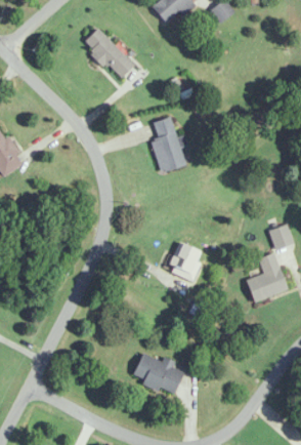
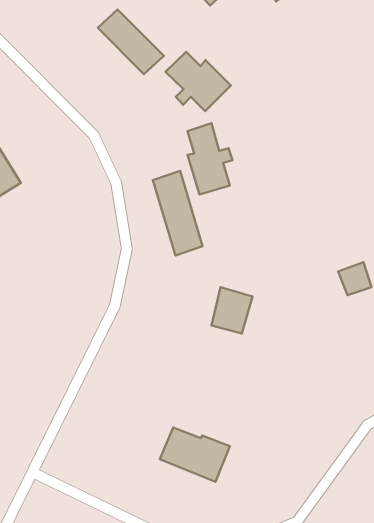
building: none -> [166,52,231,111]
building: none -> [153,171,203,256]
building: [246,253,288,302] -> none

